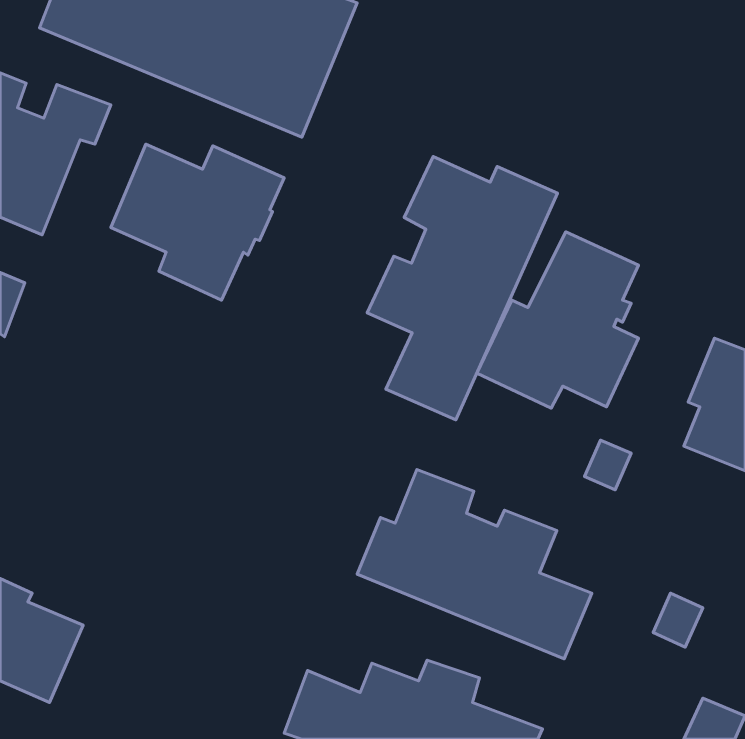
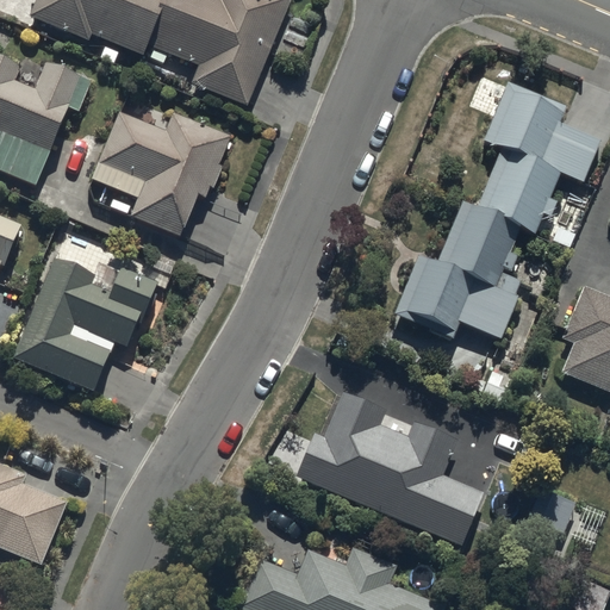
building: none -> [475,74,599,223]
building: [367,157,557,420] -> none
building: none -> [14,268,156,399]

